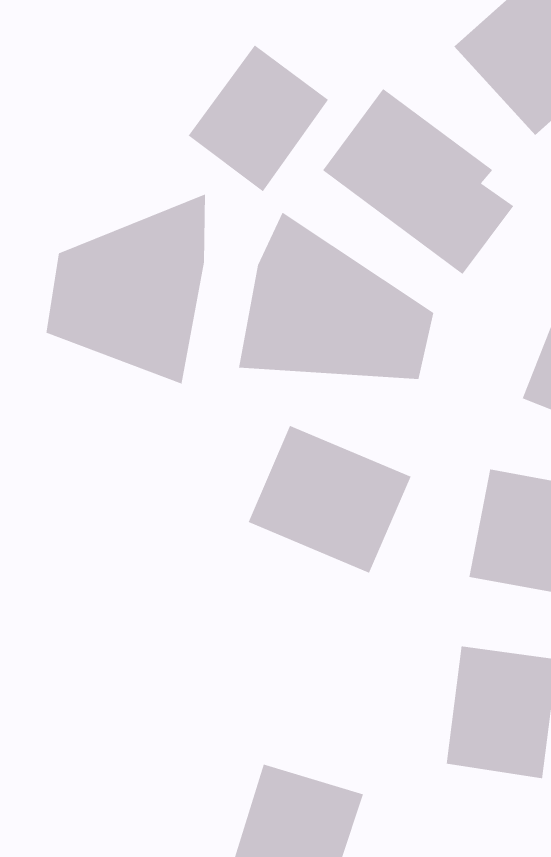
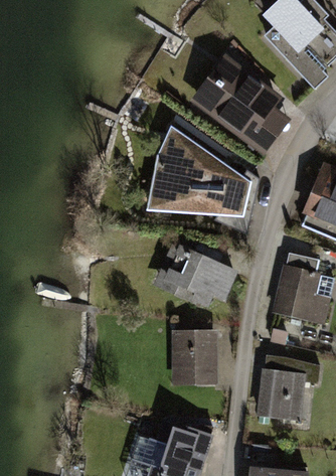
building: [188,45,329,192] -> none
building: [46,193,205,385] -> none
building: none -> [171,327,219,384]

